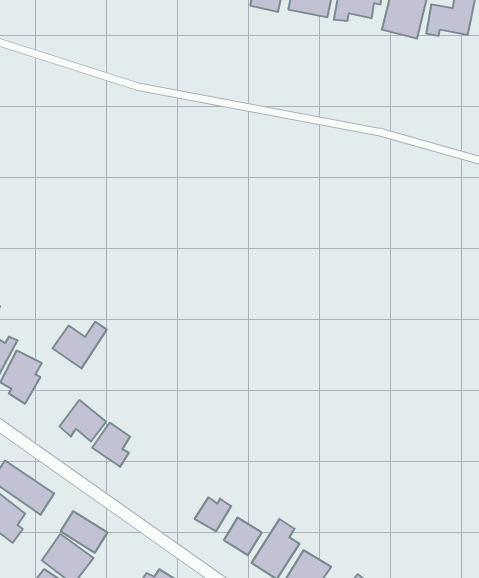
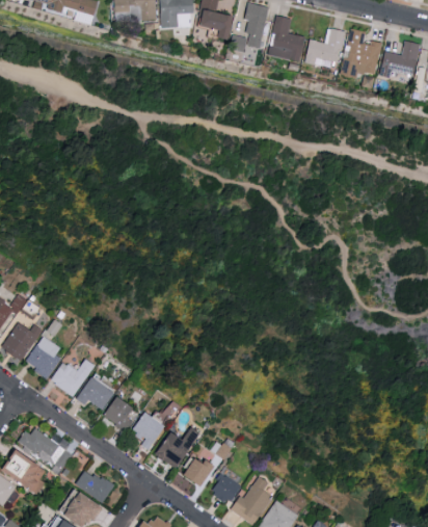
building: [52,322,107,369] -> [50,359,95,397]
building: none -> [133,412,166,449]
building: none -> [161,426,203,465]

